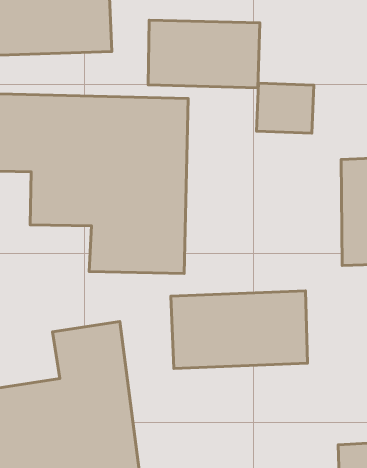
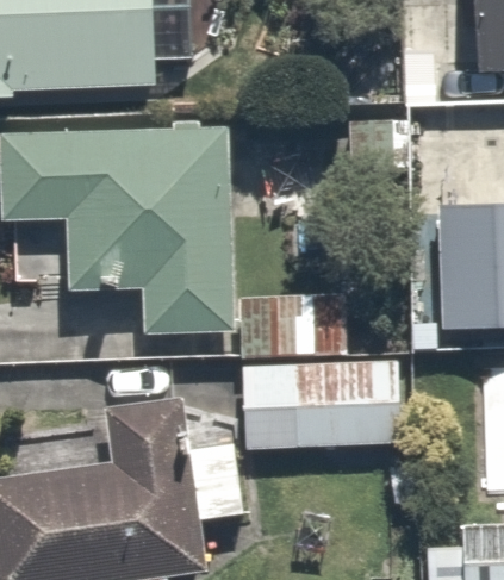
building: [148,20,260,88] -> none

